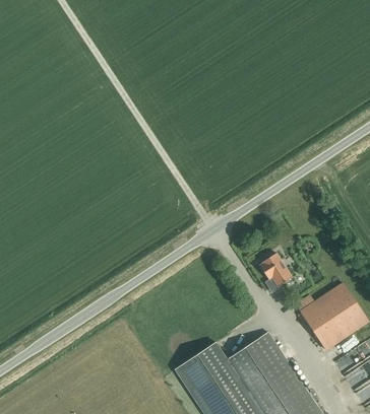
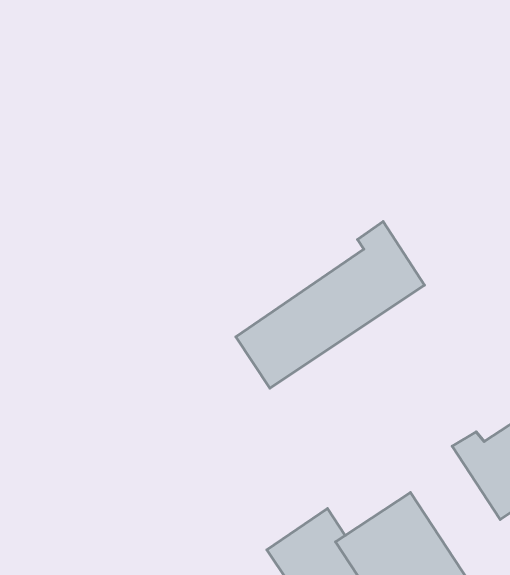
building: none -> [236,222,425,388]
building: [259,254,292,287] -> none

